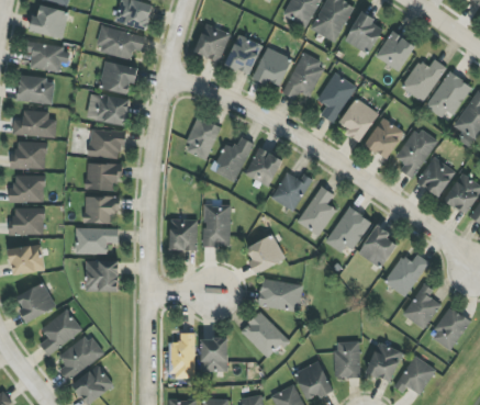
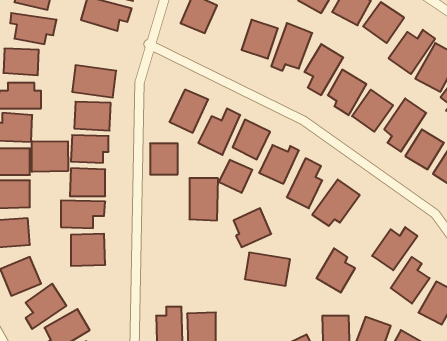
building: [226,35,260,75] -> none
building: [98,60,136,94] -> none
building: none -> [32,141,68,172]
building: none -> [219,160,252,193]
building: [169,220,197,250] -> [150,143,178,174]
building: [358,224,397,268] -> [316,248,355,293]
building: [239,311,287,359] -> none

